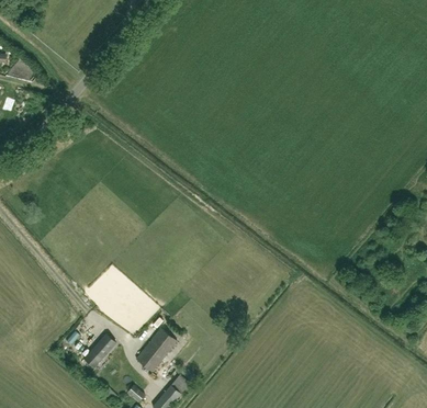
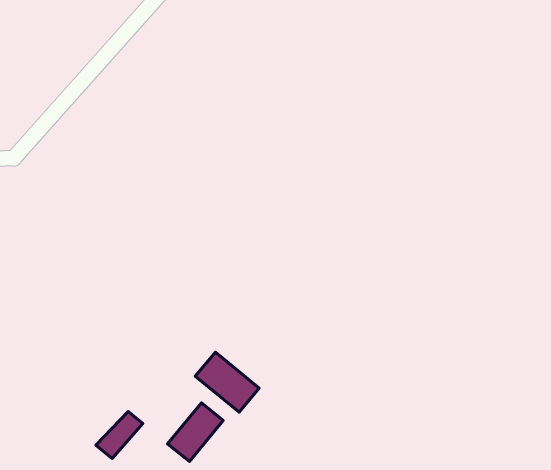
building: none -> [195,352,259,412]

